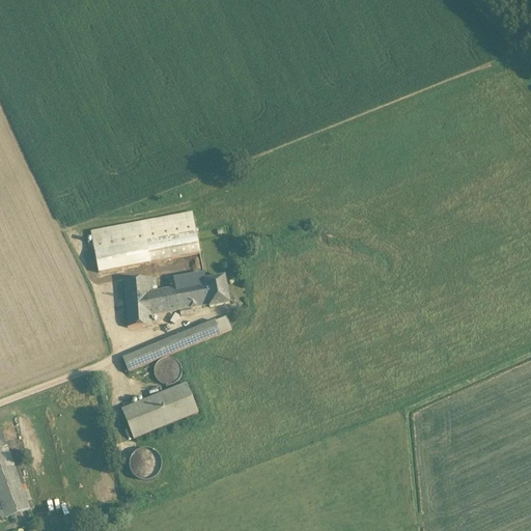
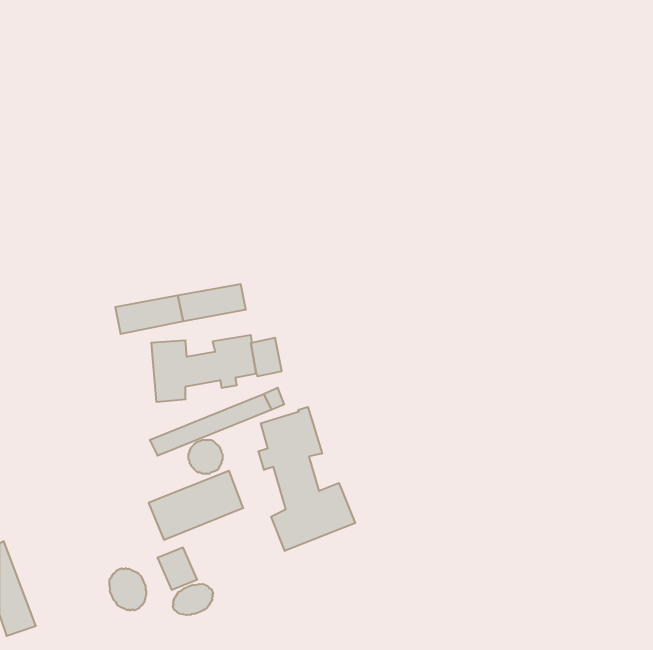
building: [89,212,195,249] -> none
building: none -> [258,407,355,551]
building: none -> [109,568,146,611]
building: none -> [173,584,213,615]

